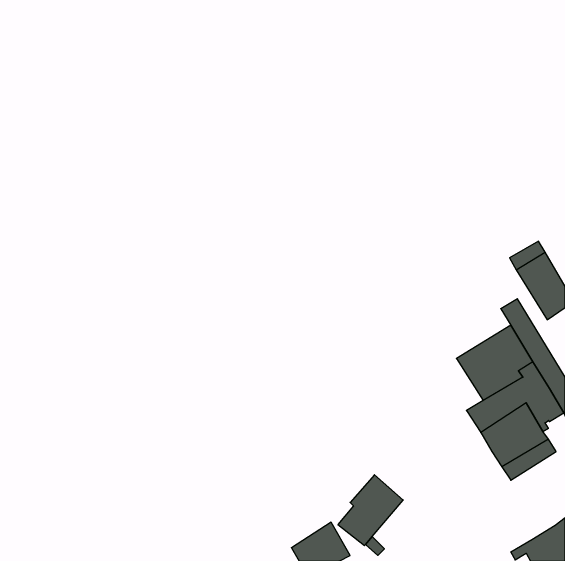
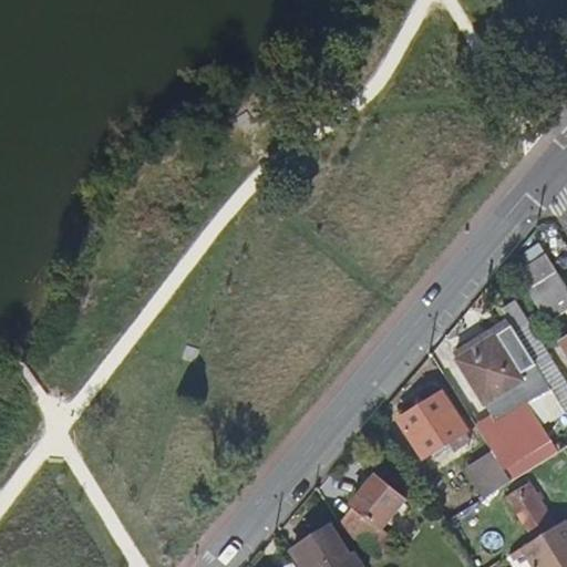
building: none -> [399,394,467,455]
building: none -> [465,452,511,498]
building: none -> [505,482,555,540]

